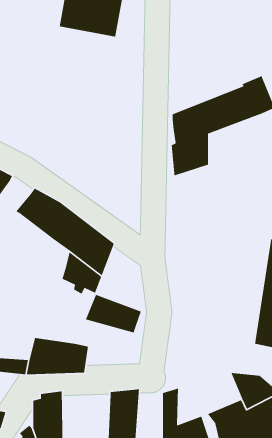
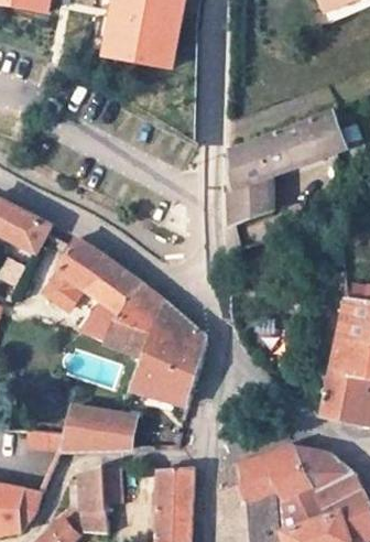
building: none -> [41,268,85,310]
building: none -> [74,297,113,343]
building: none -> [143,302,205,379]
building: none -> [237,448,309,508]

